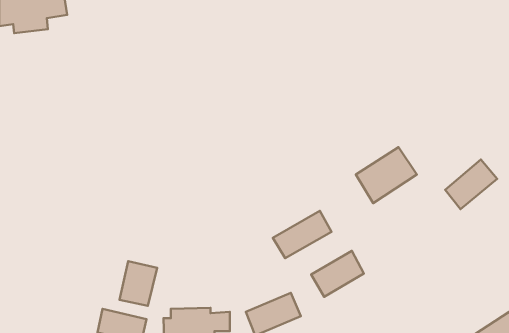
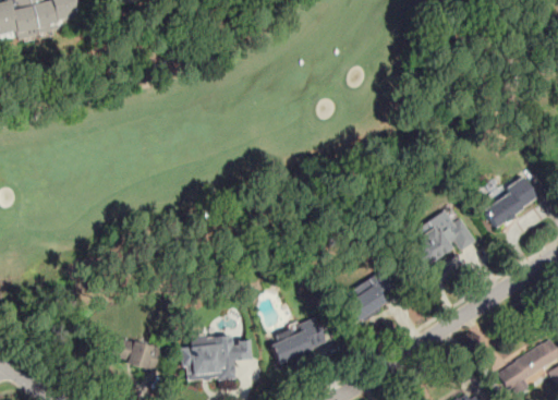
building: [356,147,417,203] -> [408,209,473,269]
building: [273,211,331,258] -> none
building: [119,261,157,306] -> none

